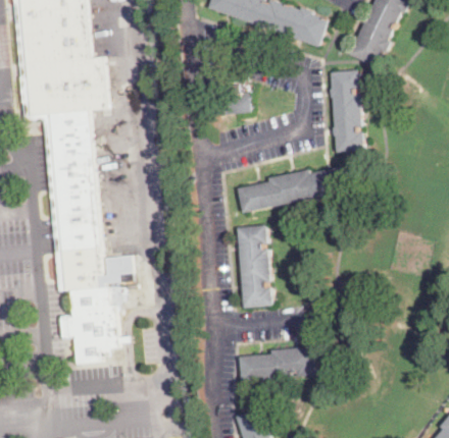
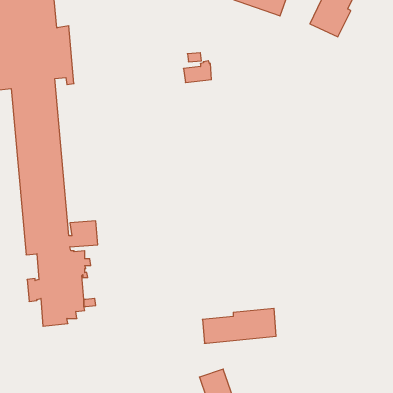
building: [330,69,363,152] -> none
building: [238,166,346,212] -> none
building: [237,225,272,308] -> none

